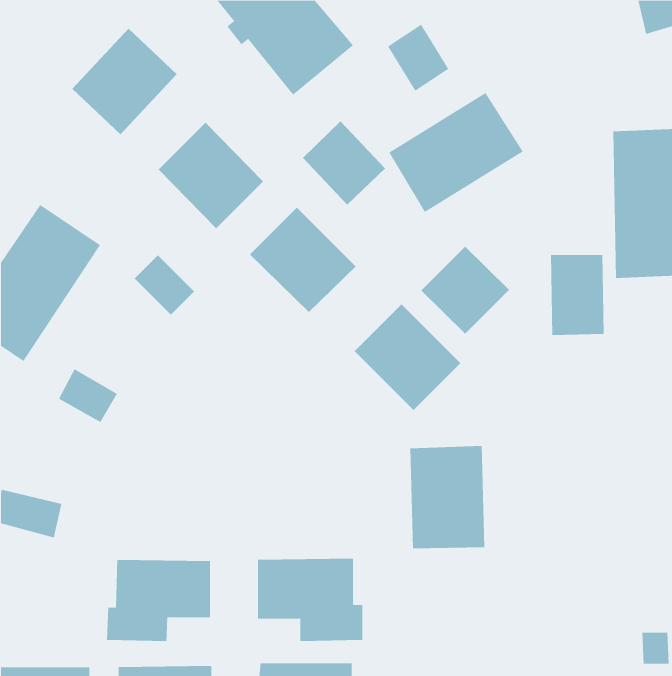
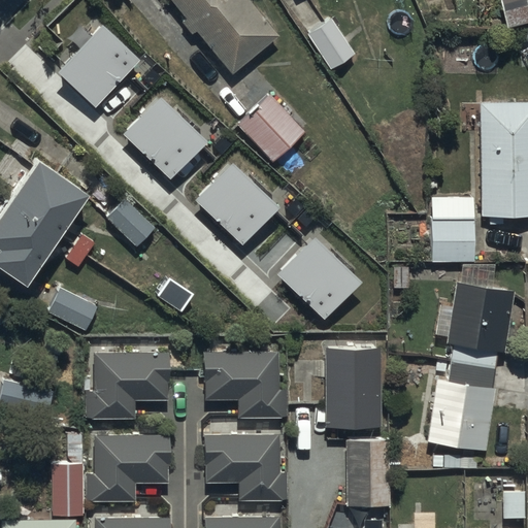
building: [388,92,523,213] -> none
building: [421,246,510,335] -> none
building: none -> [426,284,514,450]
building: none -> [203,352,285,417]
building: none -> [86,353,169,421]
building: none -> [52,434,84,516]
building: none -> [344,438,390,507]

